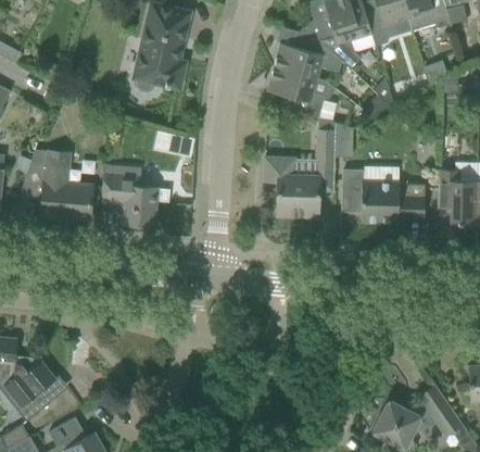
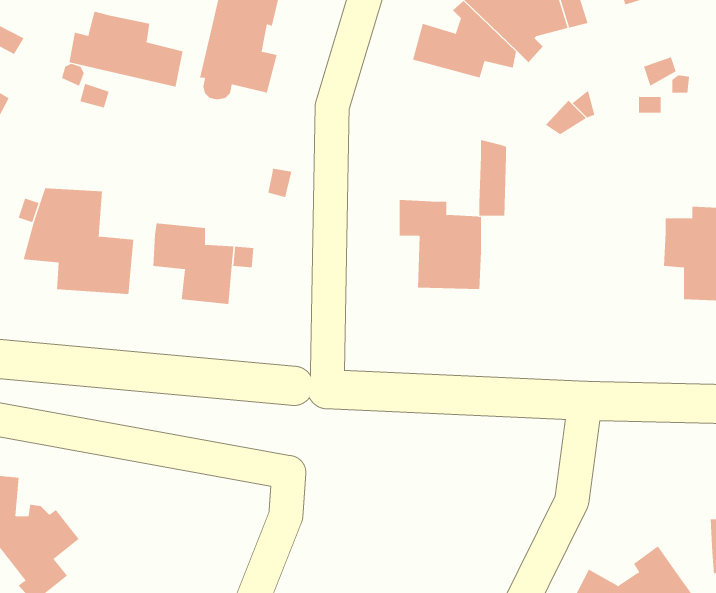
building: none -> [69,11,183,88]
building: [267,66,337,118] -> none
building: [343,171,426,223] -> none

